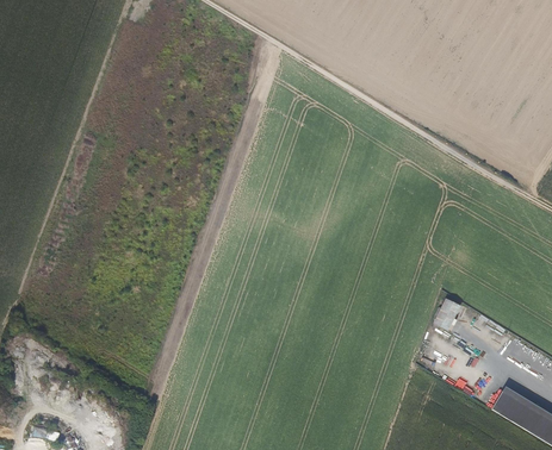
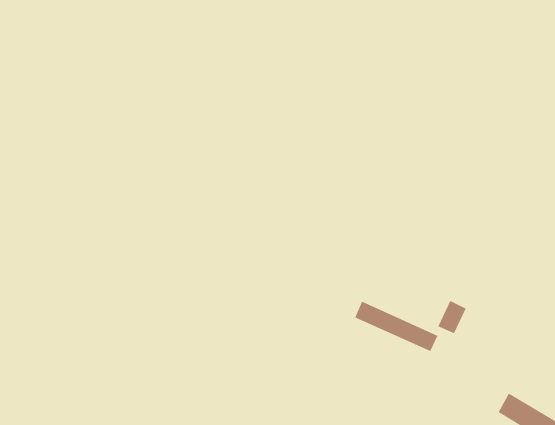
building: none -> [355,301,438,352]

